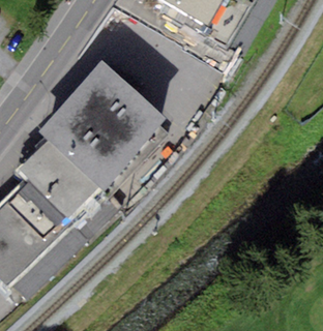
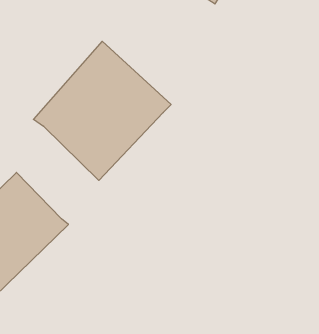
building: [16,138,99,222] -> none

